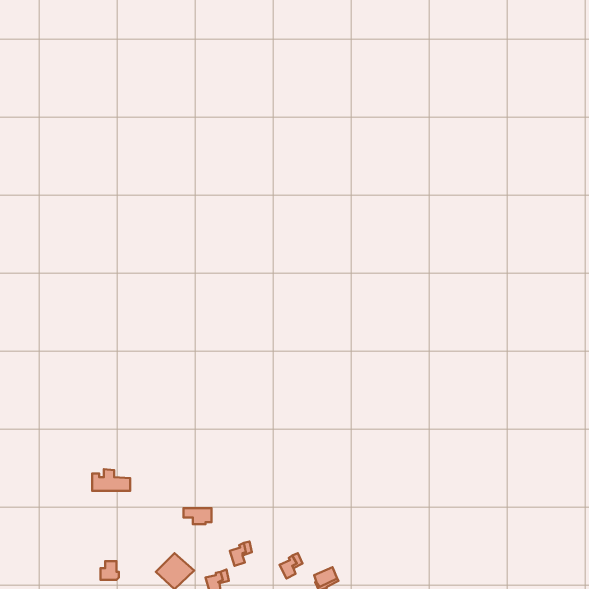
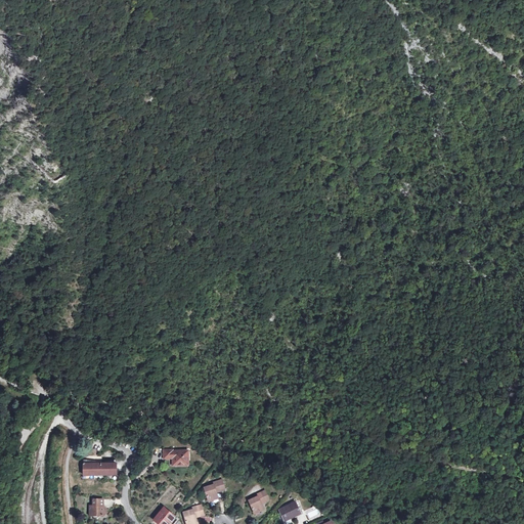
building: [92,469,130,491] -> [84,454,118,474]

